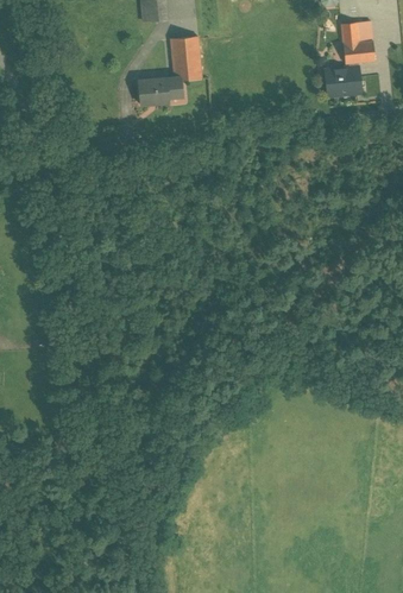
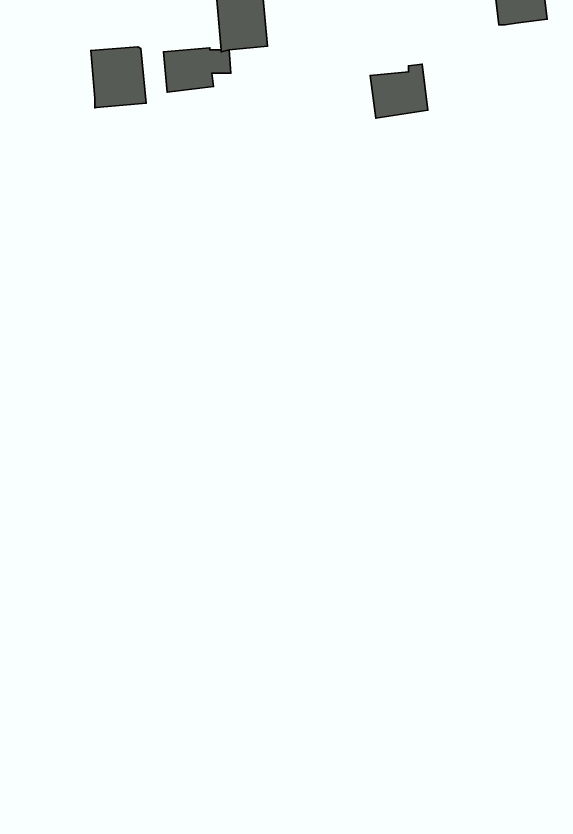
building: [325,63,360,96] -> [370,64,428,118]
building: none -> [91,47,146,108]

